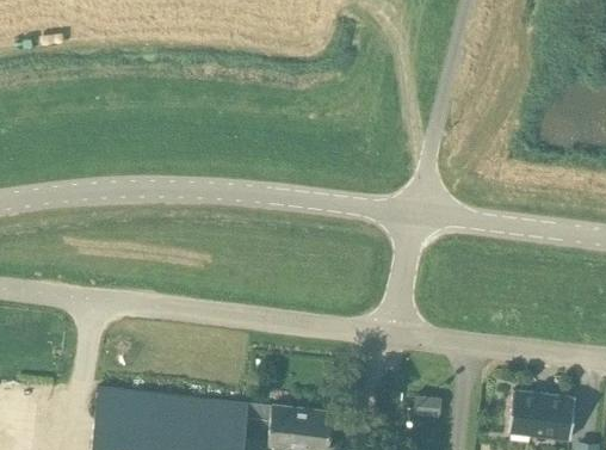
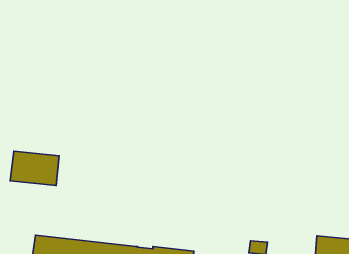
building: none -> [10,151,59,186]

